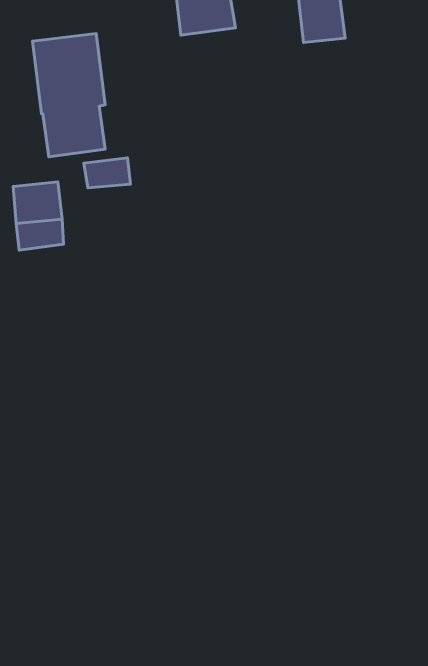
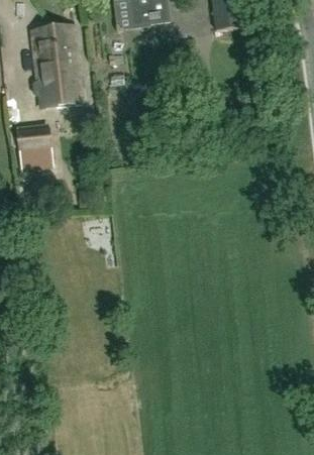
building: [84,158,130,188] -> none

